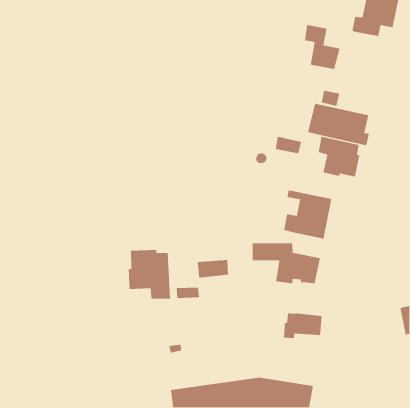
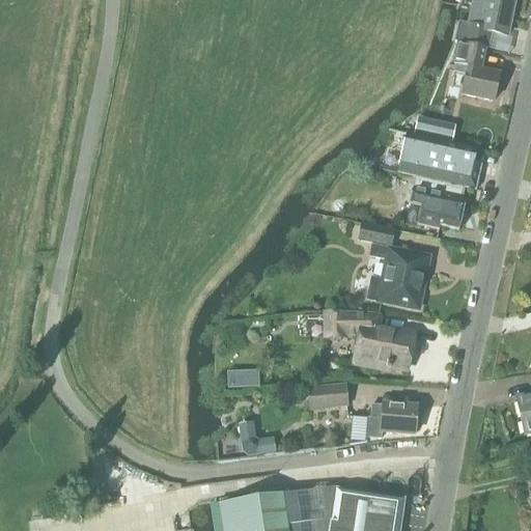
building: [304,24,340,70] -> [454,41,501,101]
building: [275,136,302,154] -> [359,223,394,247]
building: [128,249,171,300] -> none
building: [197,259,229,278] -> [307,385,348,410]
building: none -> [241,422,275,453]

